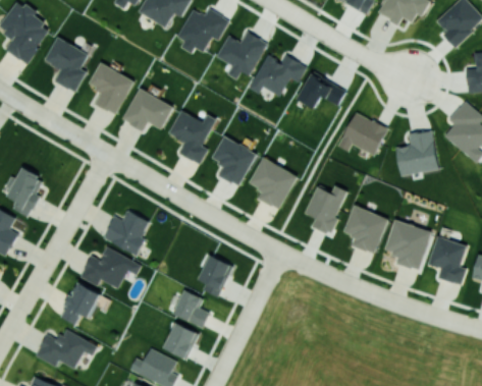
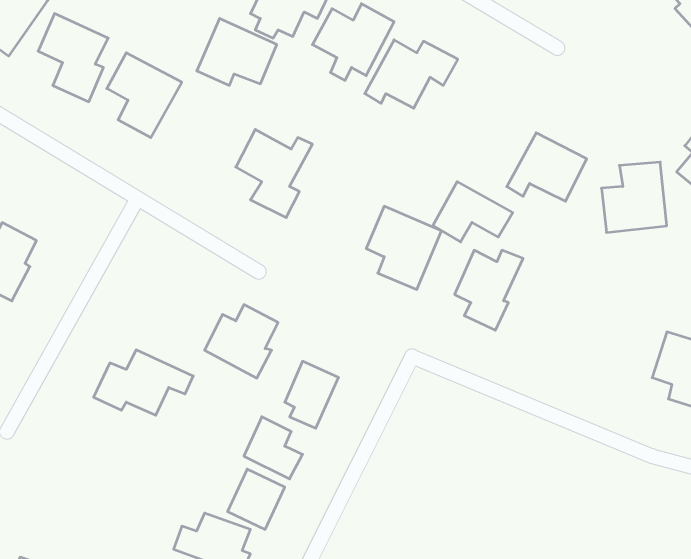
building: [297,71,346,109] -> [433,182,513,242]
building: [123,89,173,130] -> [197,18,277,85]
building: [211,135,257,186] -> none
building: [343,205,388,255] -> none
building: [103,210,149,256] -> [205,305,278,378]
building: [384,219,431,271] -> none
building: [60,282,100,324] -> none
building: [35,329,98,369] -> none

